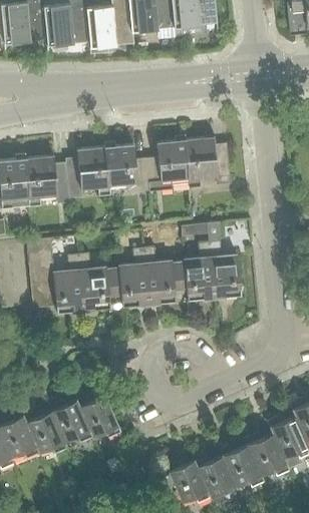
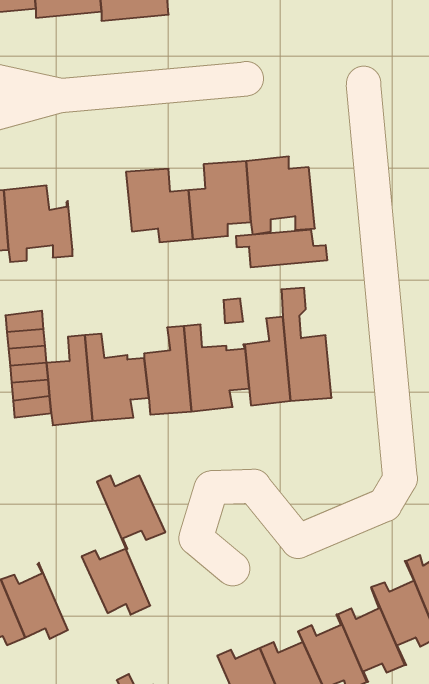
building: [67,147,110,198] -> none
building: none -> [236,230,327,267]
building: [48,400,93,448] -> [97,476,165,549]

